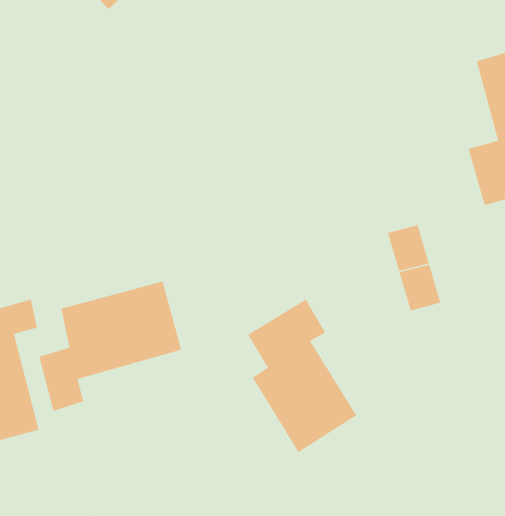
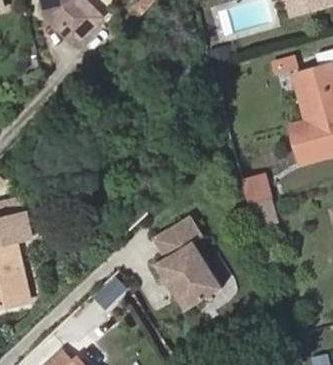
building: [38,281,182,412] -> none

